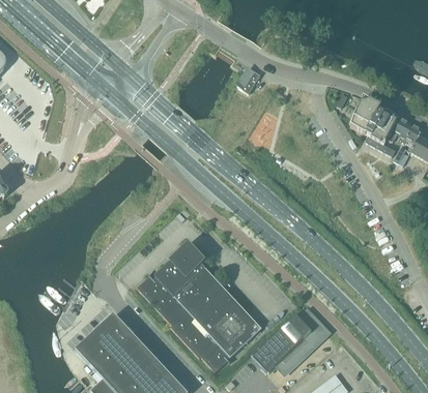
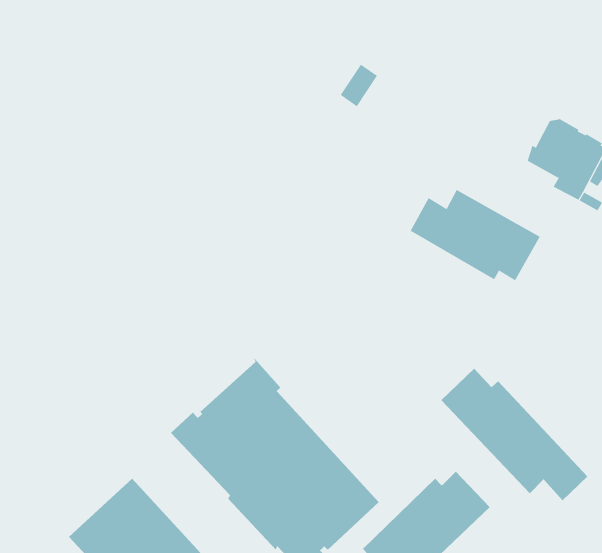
building: none -> [410,189,540,281]
building: none -> [440,368,588,501]

